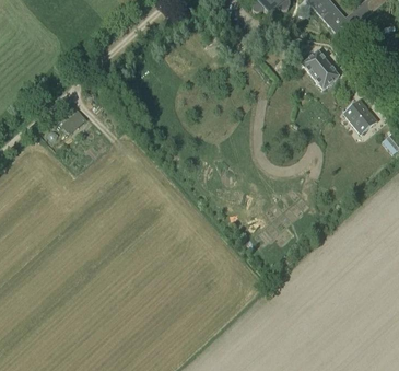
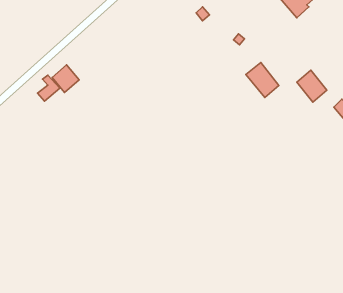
building: [302,49,338,88] -> [246,62,279,98]
building: none -> [52,65,79,93]

